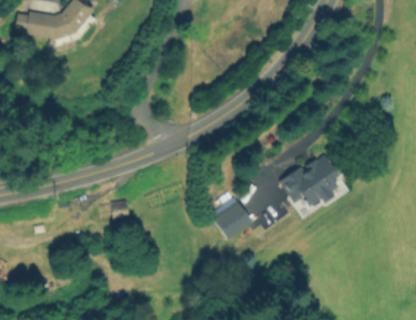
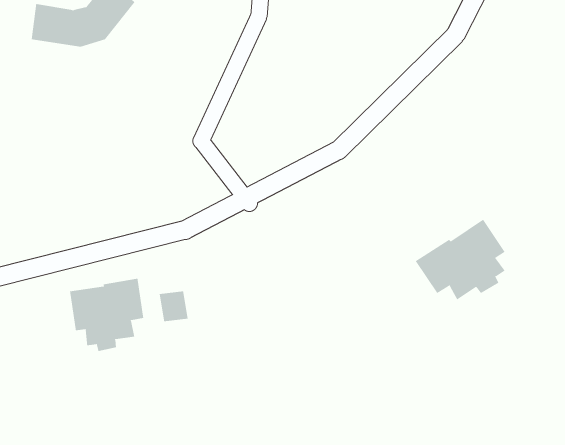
building: none -> [70,278,144,352]
building: [213,201,253,240] -> none

